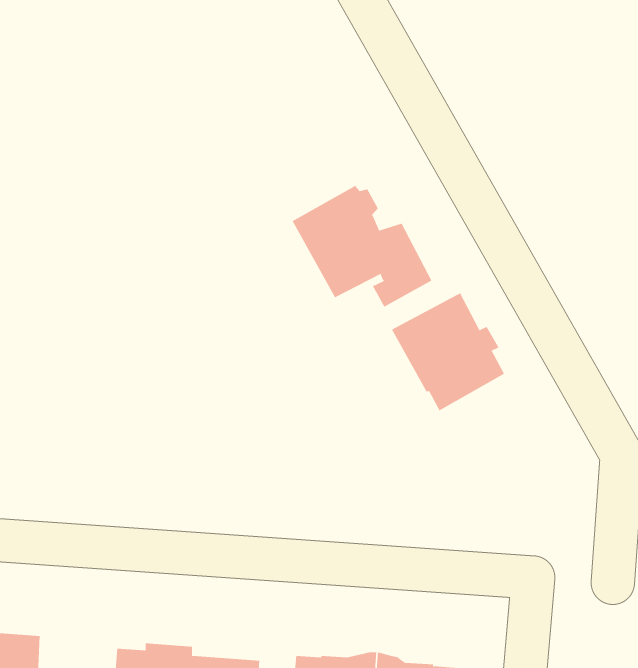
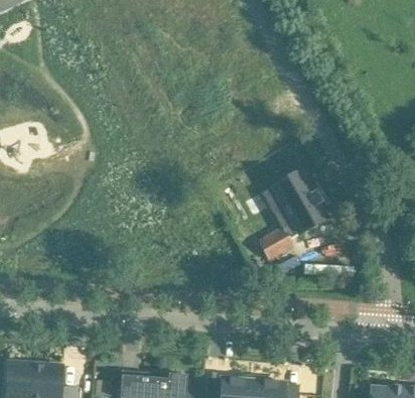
building: [292,185,432,307] -> none
building: none -> [260,227,294,259]

